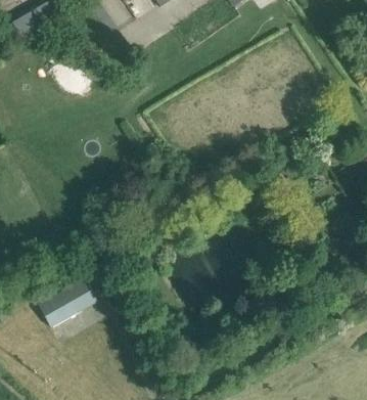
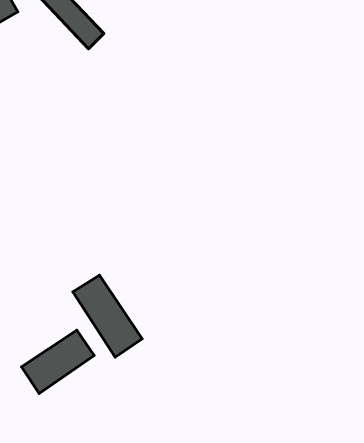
building: none -> [73,275,142,357]

